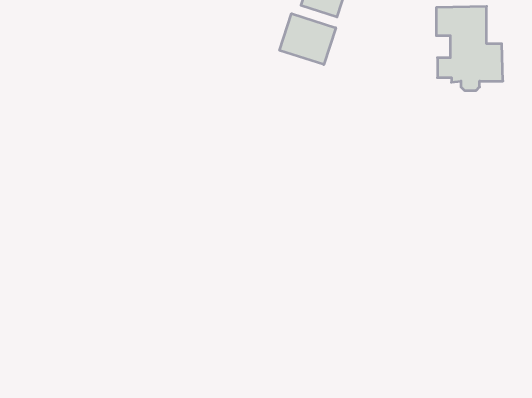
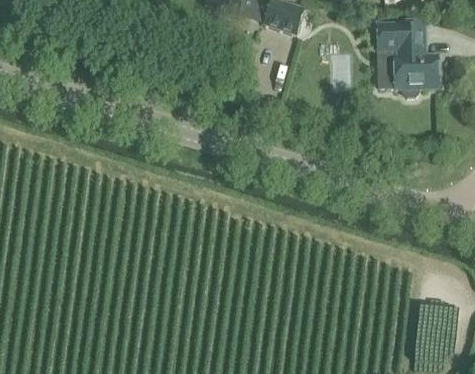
building: [280,14,336,65] -> none

